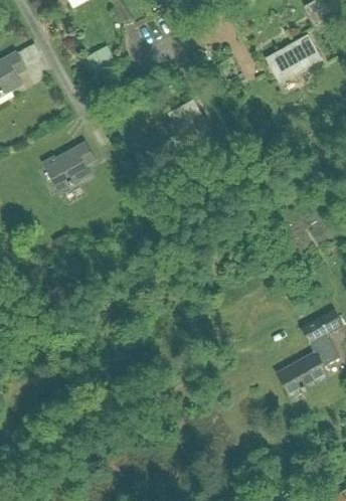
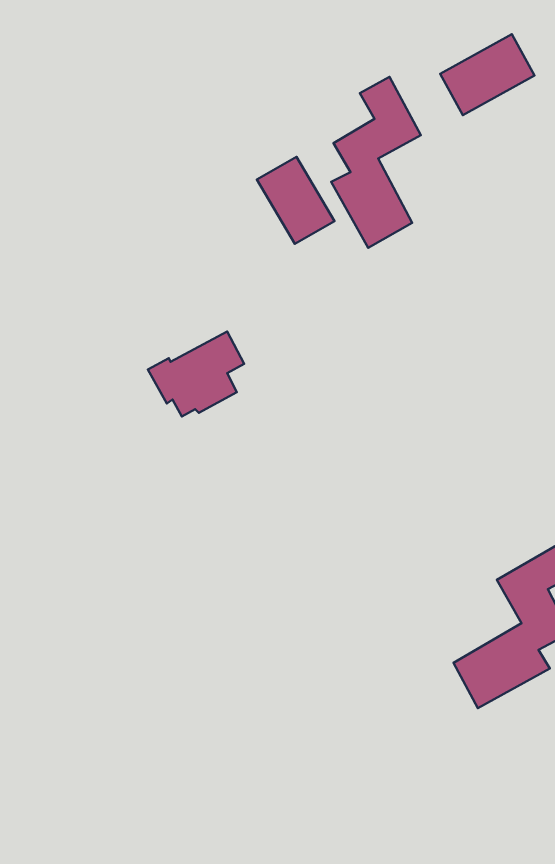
building: none -> [331,77,421,248]
building: [43,143,95,188] -> [148,332,244,417]

